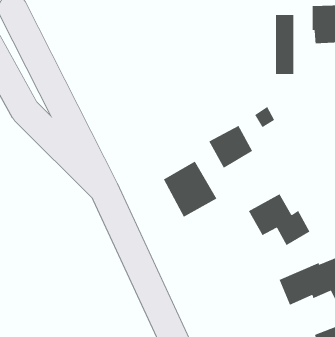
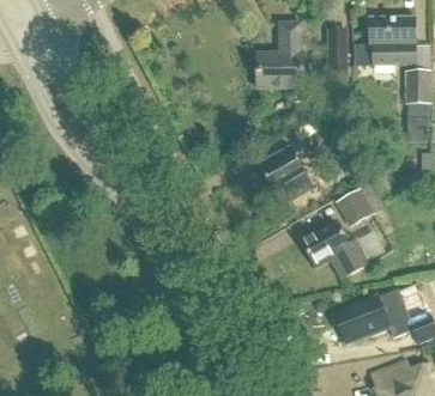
building: none -> [256,23,303,89]
building: [163,160,217,218] -> none
building: none -> [334,189,373,227]

